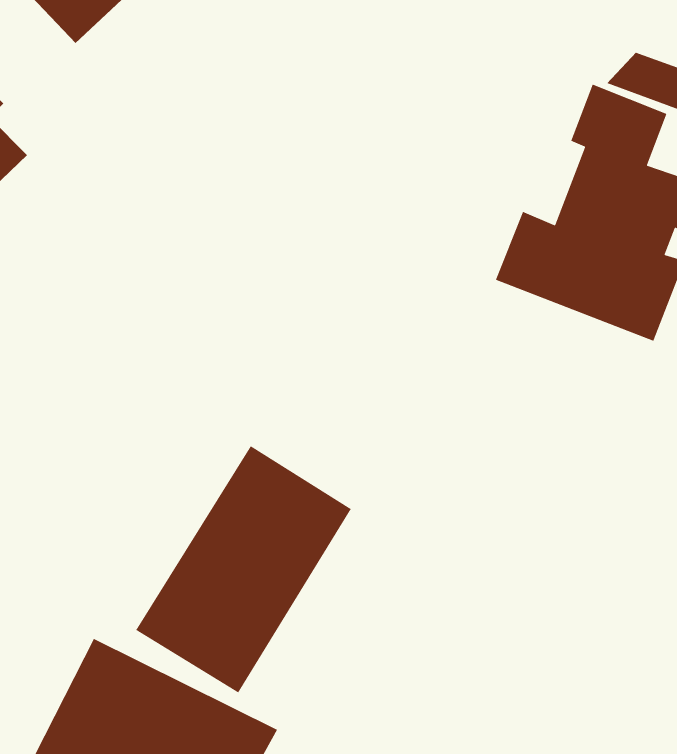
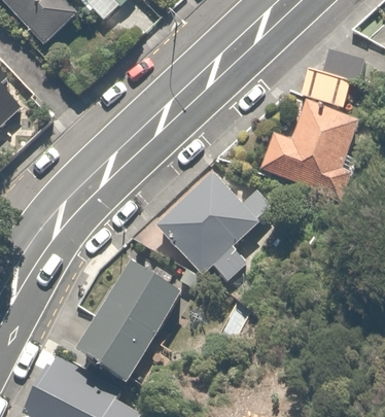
building: none -> [158,172,268,282]

